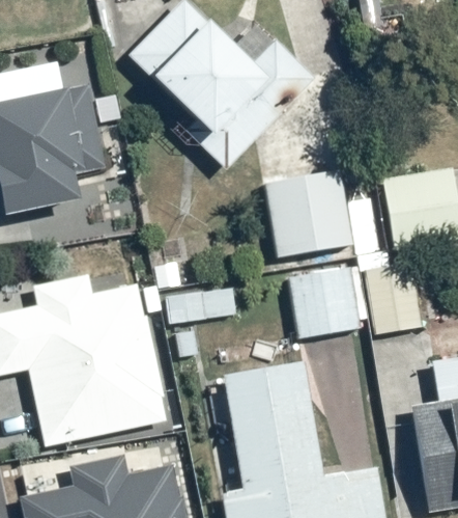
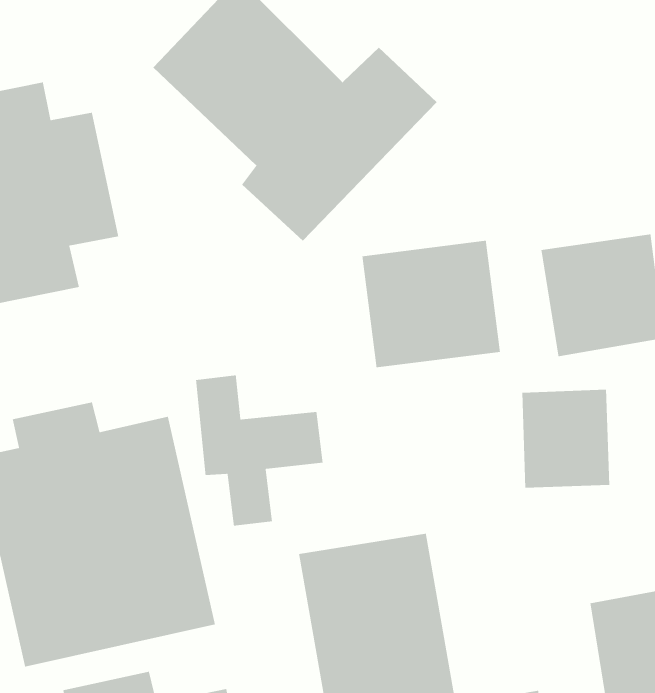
building: [288,266,365,348] -> none

